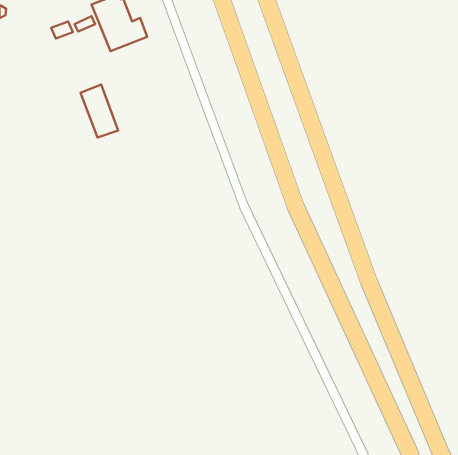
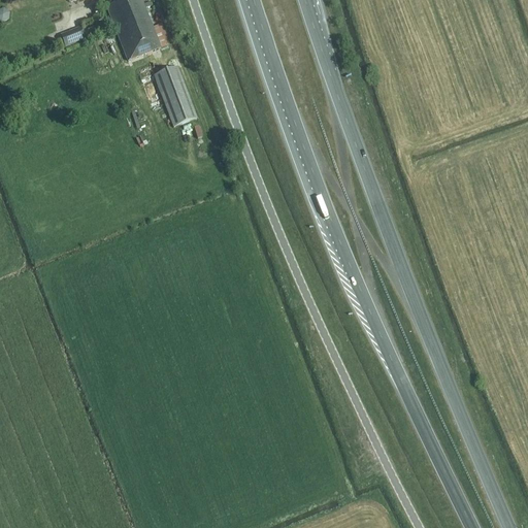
building: [80,85,118,138] -> [153,64,196,125]

